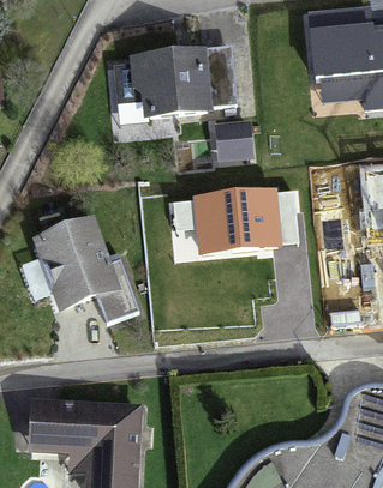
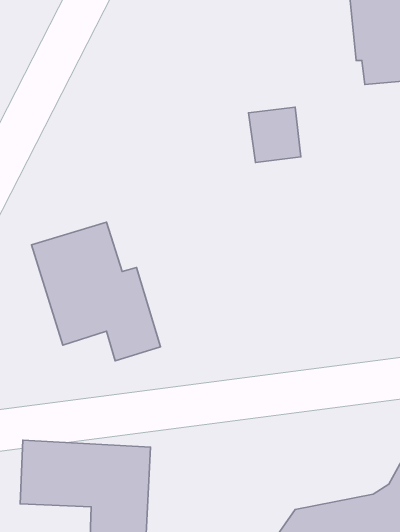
building: [109,43,237,116] -> none
building: [186,181,276,251] -> none

